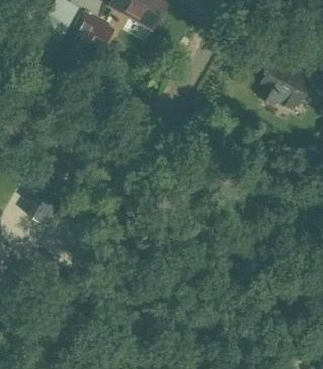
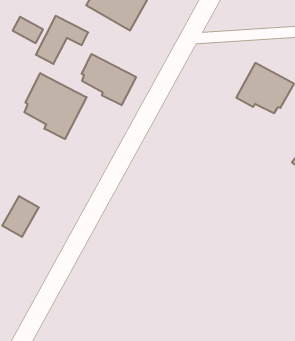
building: none -> [82,54,136,105]
building: none -> [24,73,87,139]

